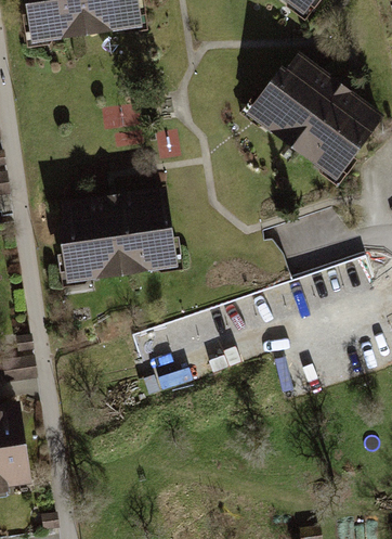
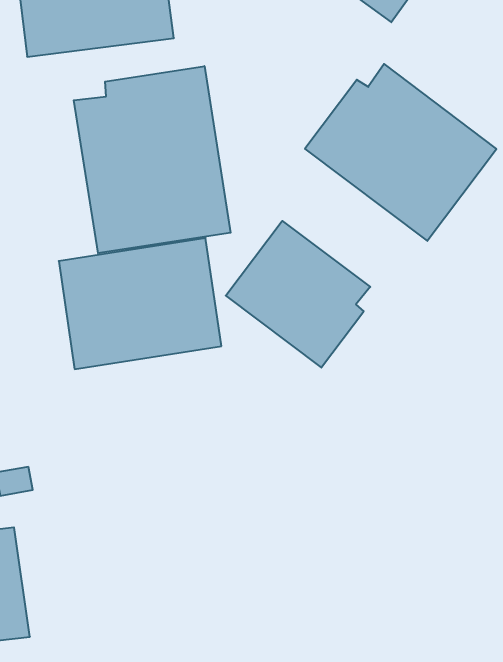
building: none -> [74,66,231,253]
building: none -> [226,221,370,368]

